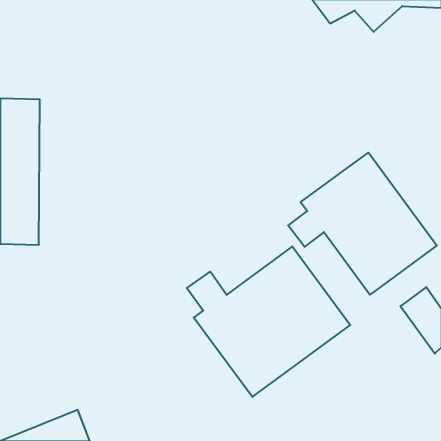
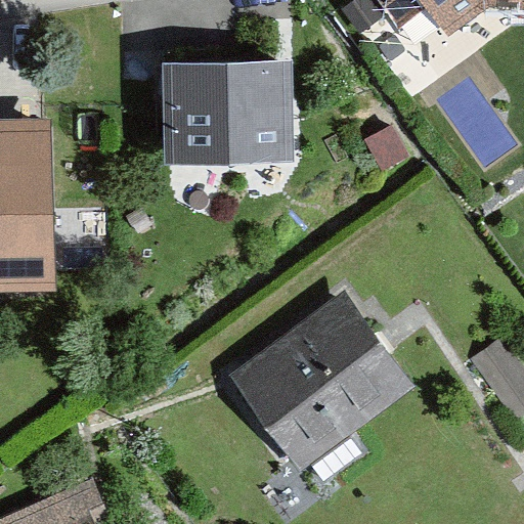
building: none -> [155,62,285,166]
building: [288,153,437,295] -> none

